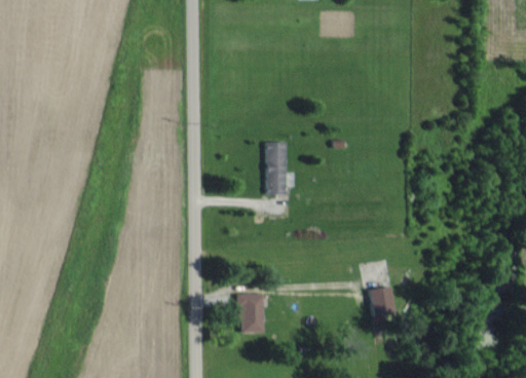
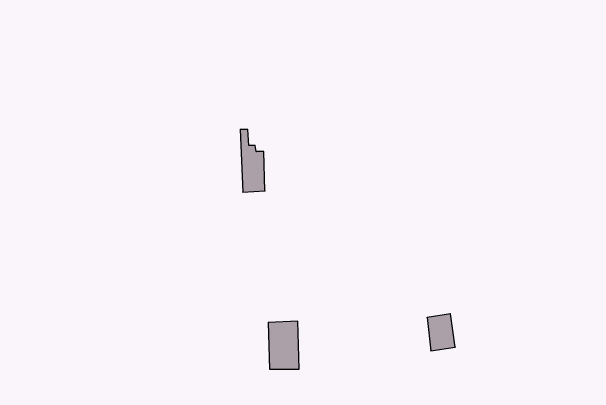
building: [266,143,287,195] -> [240,129,265,192]

